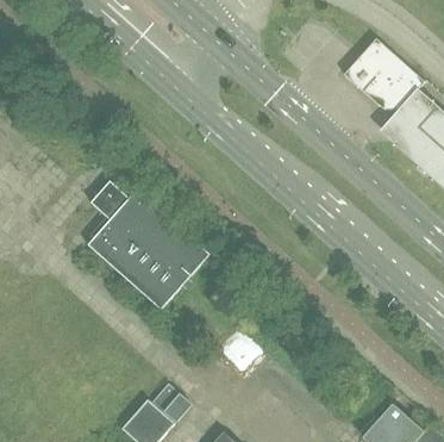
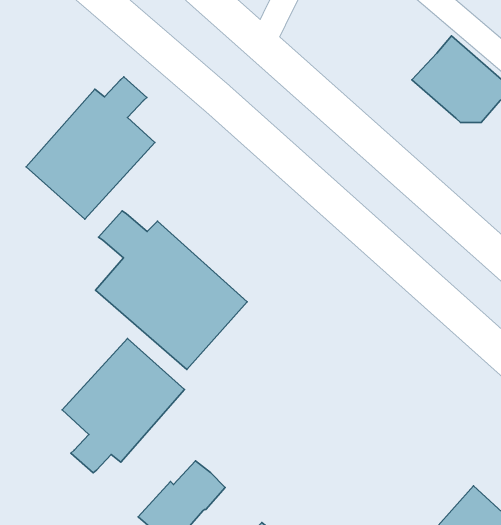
building: none -> [26,77,155,219]
building: none -> [62,339,185,473]

